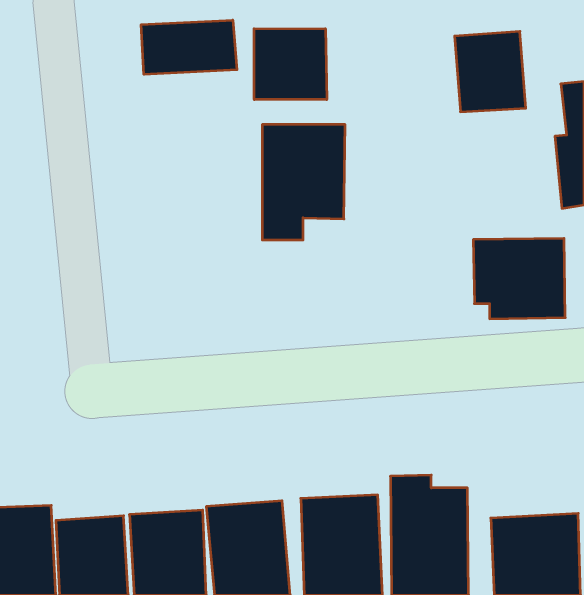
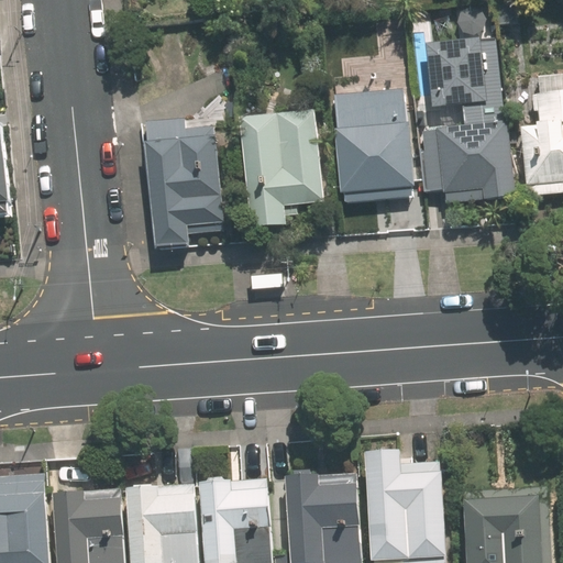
building: [141,20,237,74] -> none
building: [254,29,327,100] -> none
building: none -> [338,101,413,214]
building: none -> [136,119,224,251]
building: [473,238,565,319] -> [424,125,511,201]

